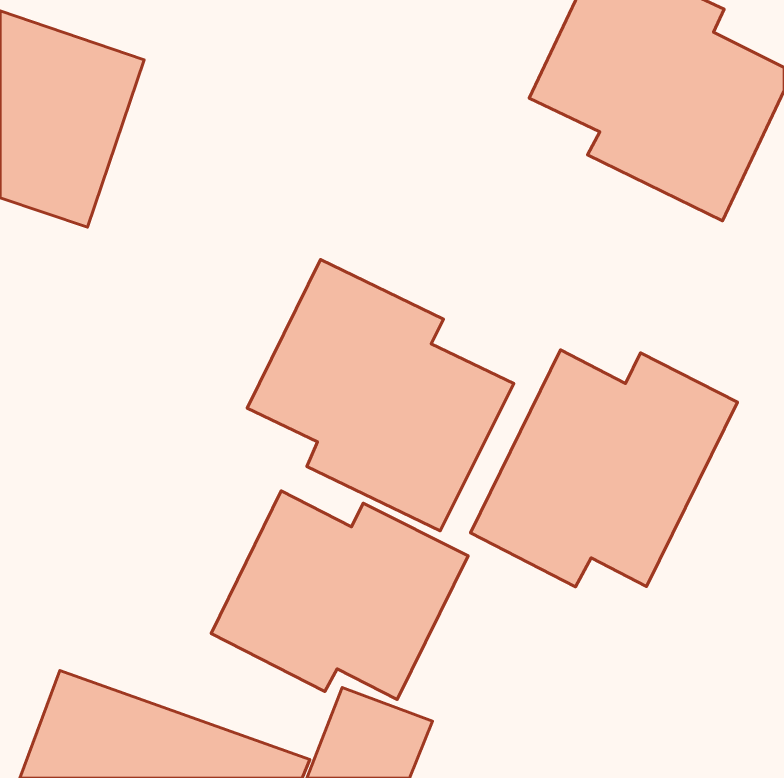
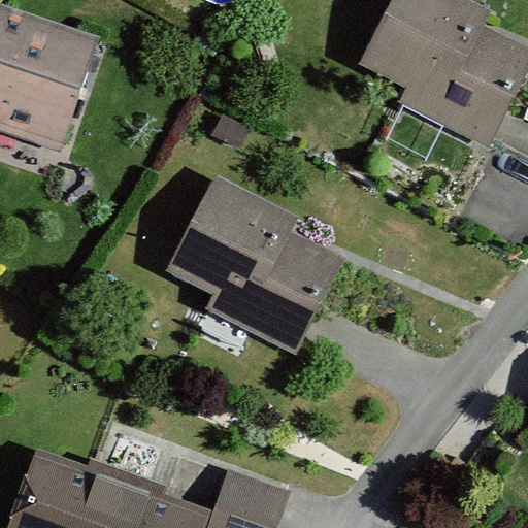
building: [470,350,738,587] -> none
building: [211,491,468,699] -> none

